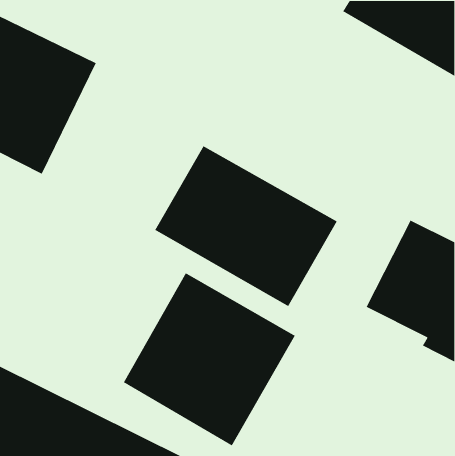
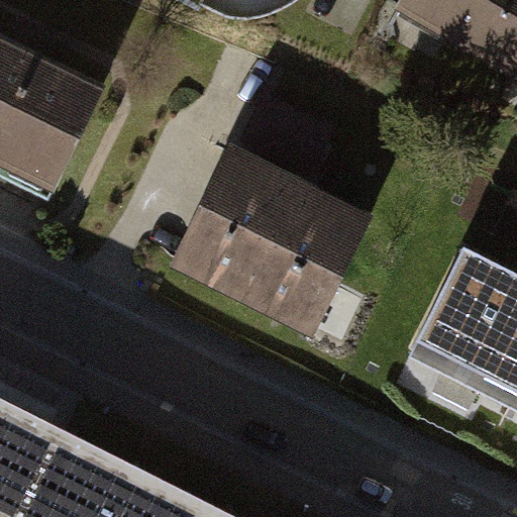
building: [123,272,296,446] -> none

